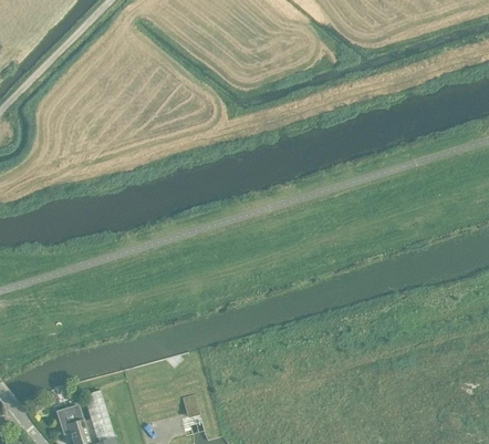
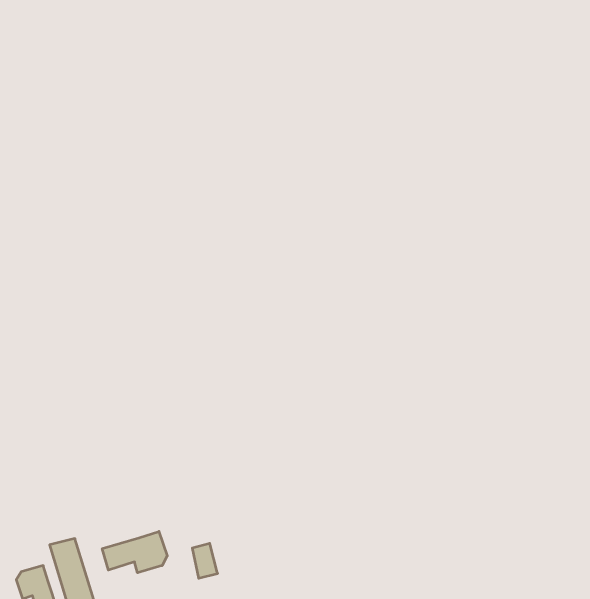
building: none -> [102,531,167,573]

